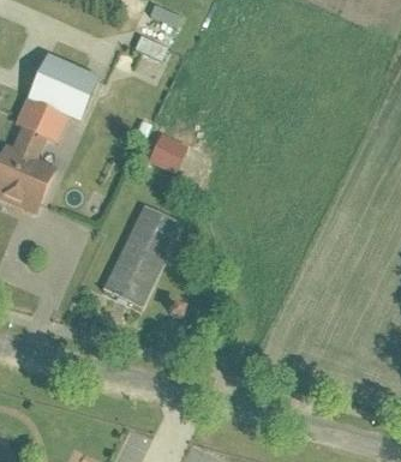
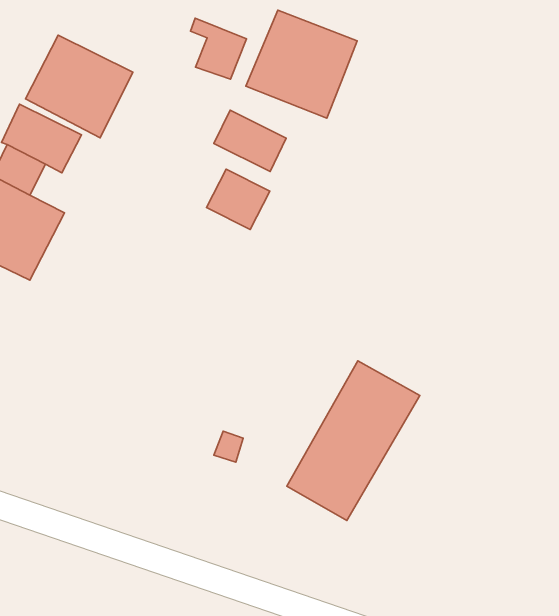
building: none -> [246,10,357,118]
building: none -> [214,110,286,171]
building: [103,203,184,305] -> [287,361,420,520]

